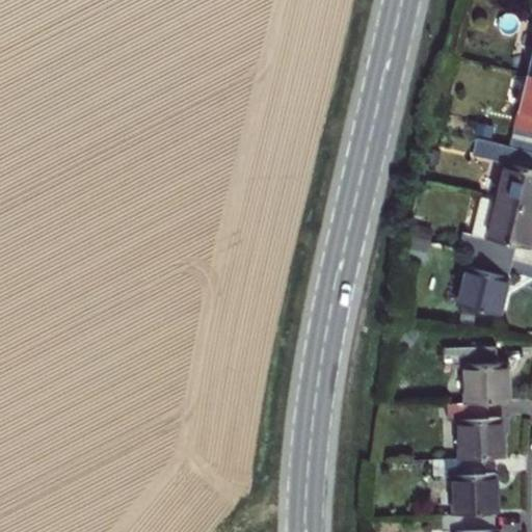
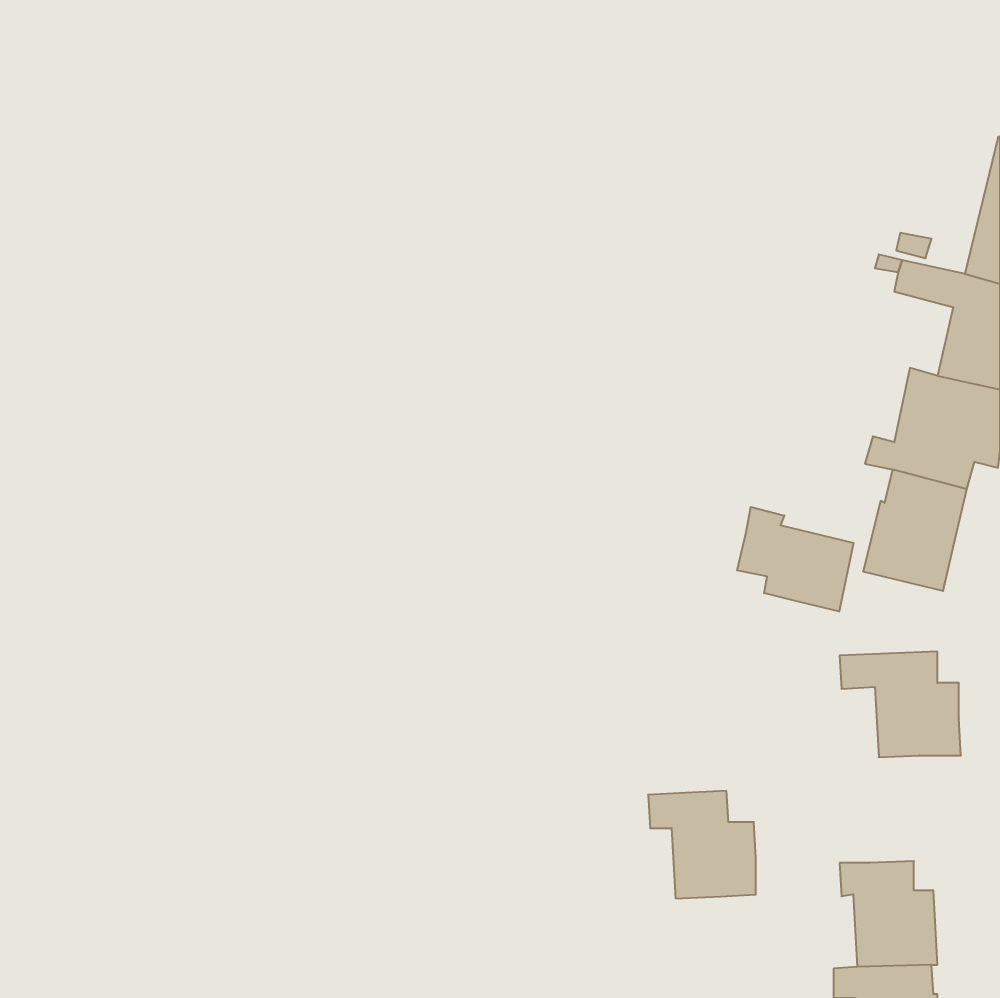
building: none -> [737,507,853,612]
building: [447,402,504,459] -> [648,791,756,898]

